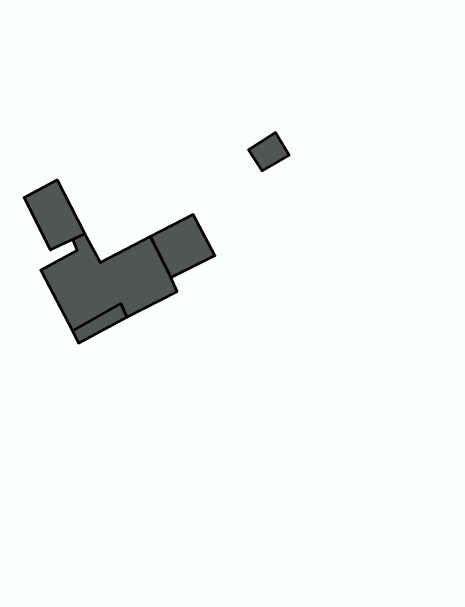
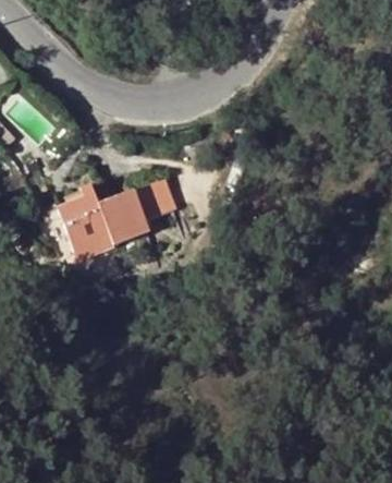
building: [24,180,85,250] -> none

